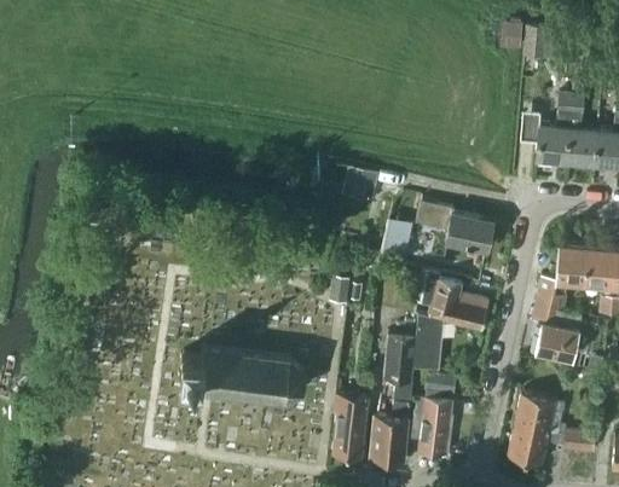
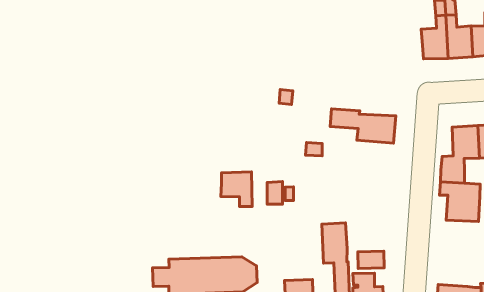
building: none -> [221,172,252,207]
building: [415,269,490,371] -> none
building: [515,395,556,434] -> none

